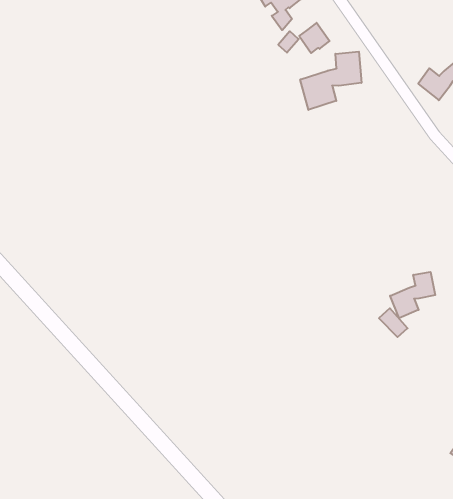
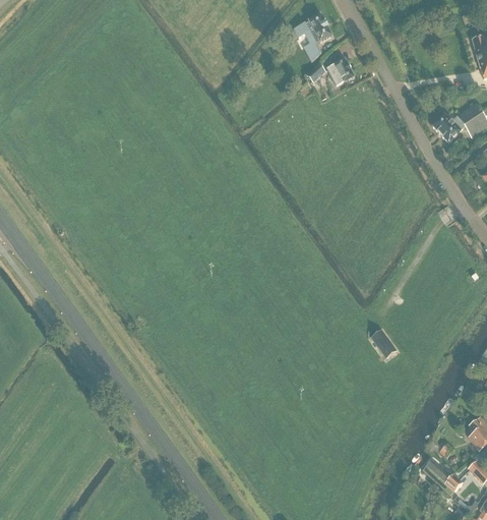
building: [300,52,361,110] -> none
building: [390,272,435,318] -> none

